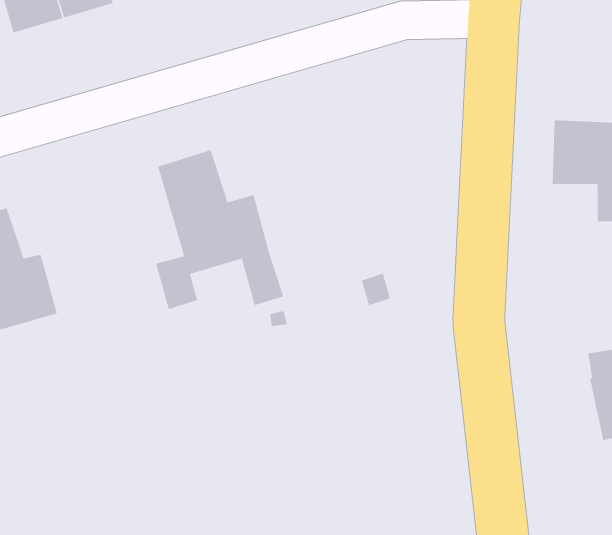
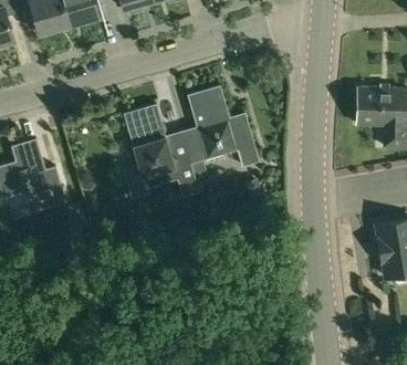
building: none -> [181,84,259,166]

